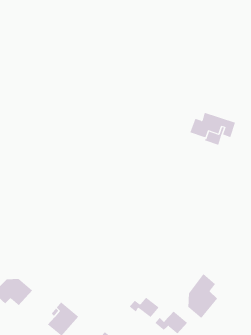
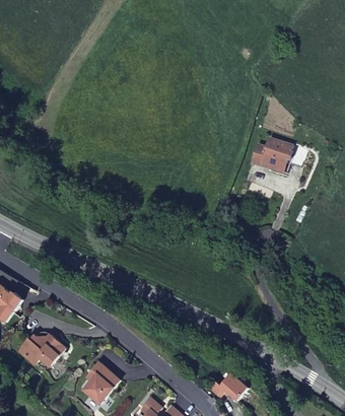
building: [188,273,218,319] -> none
building: [129,297,160,318] -> none

